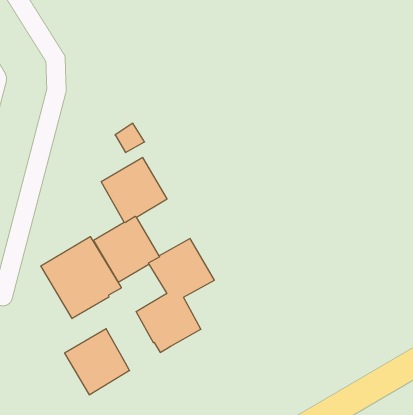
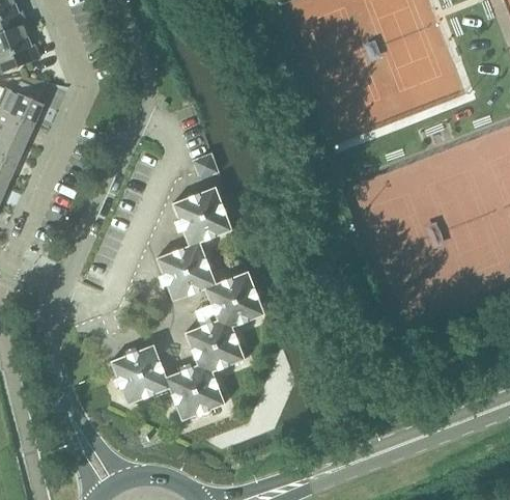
building: [41,237,121,319] -> none
building: none -> [164,365,223,421]

